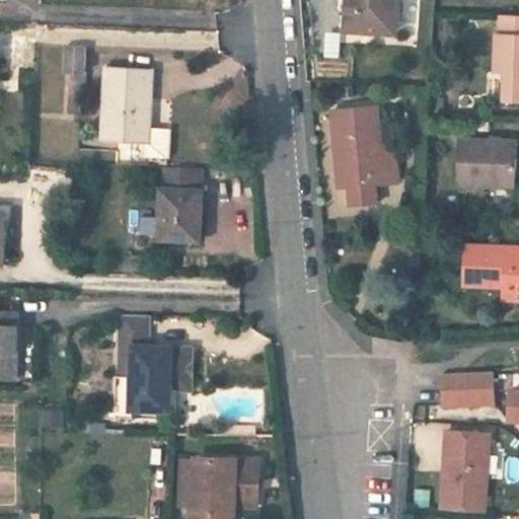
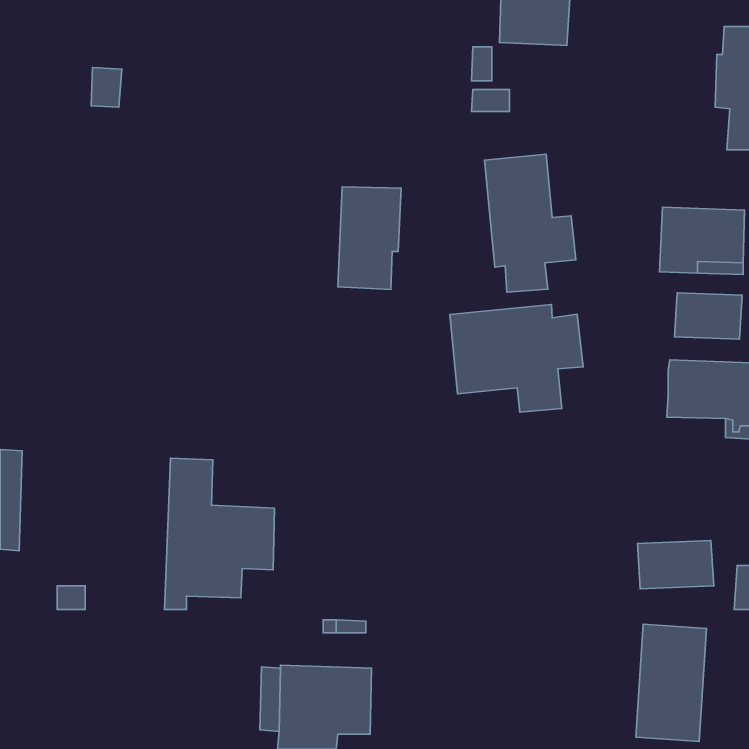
building: [100,67,169,164] -> none
building: [158,170,202,241] -> [338,187,401,290]
building: none -> [674,293,742,339]
building: none -> [450,305,583,412]

